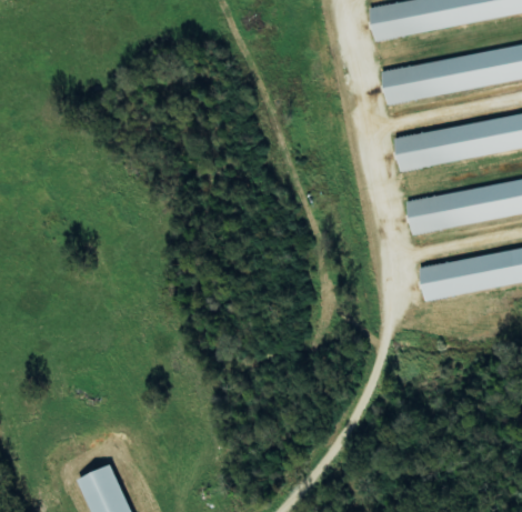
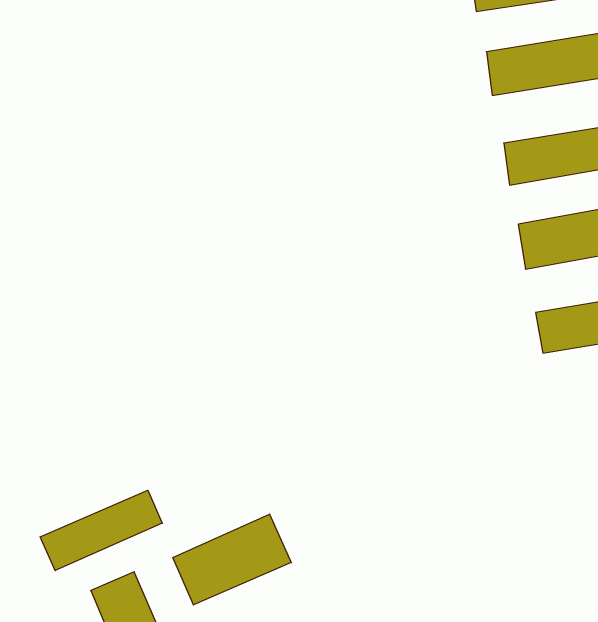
building: none -> [40,490,162,571]
building: none -> [173,514,291,605]

